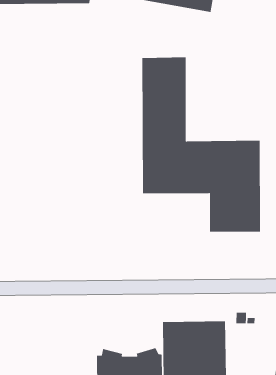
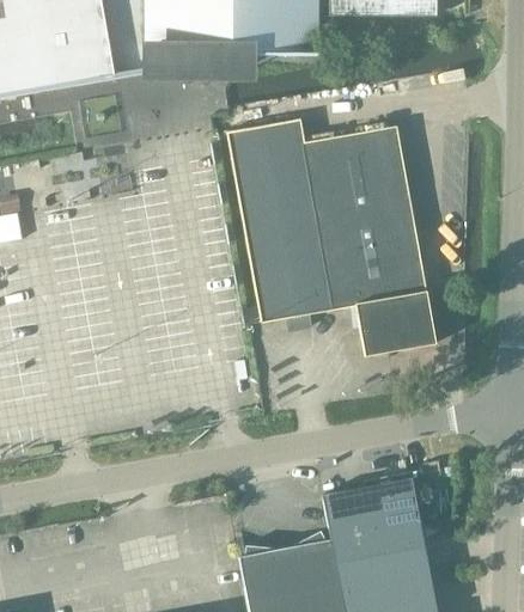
building: none -> [292,118,415,238]

